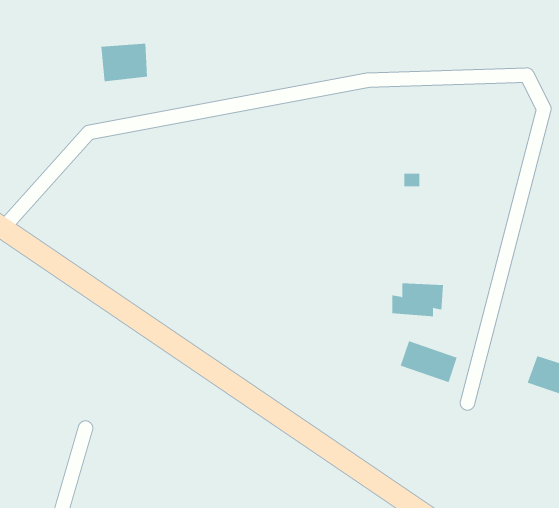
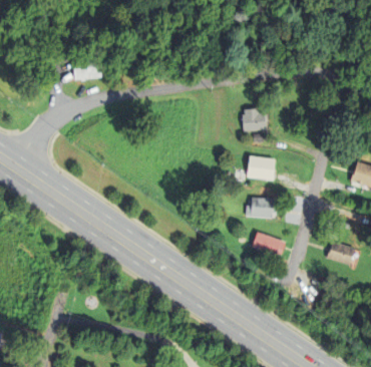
building: none -> [240,108,264,131]
building: none -> [245,156,274,180]

